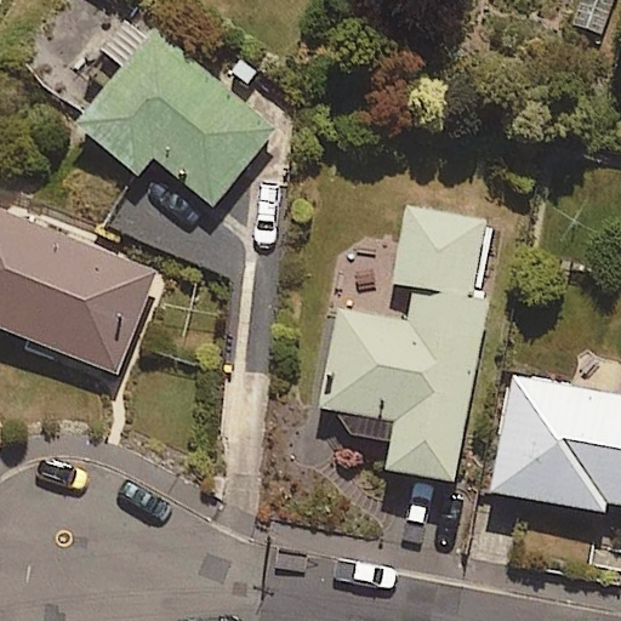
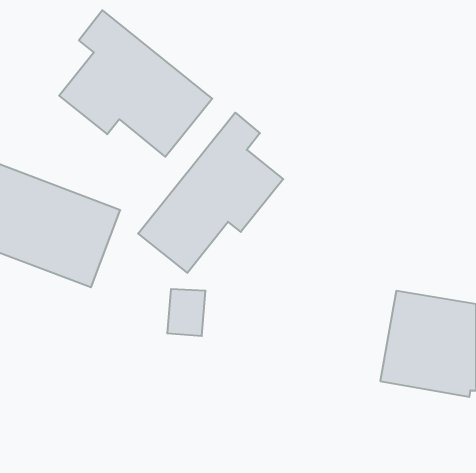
building: none -> [138,113,283,273]
building: [319,205,488,483] -> none

